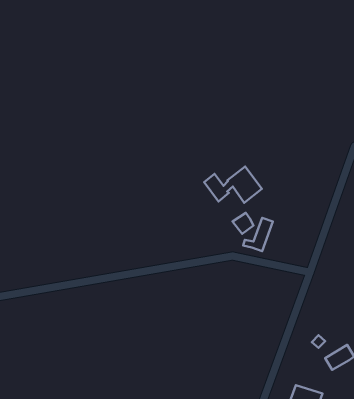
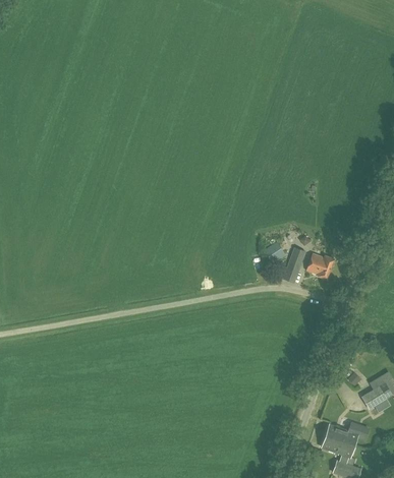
building: [204,166,262,203] -> none
building: none -> [306,252,334,278]

